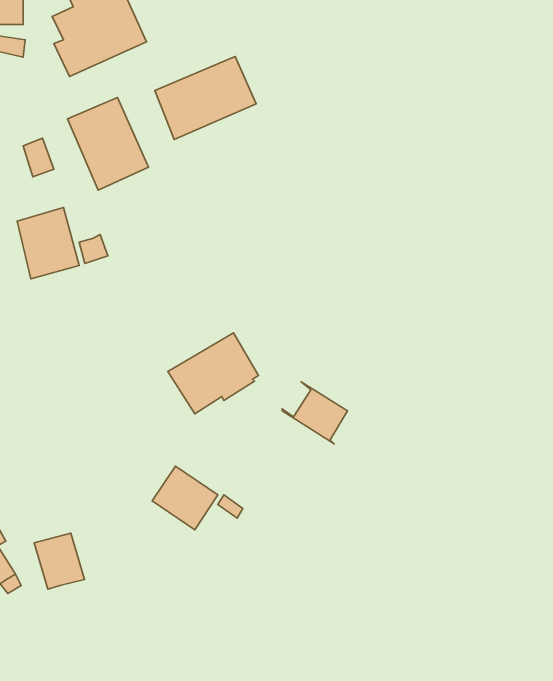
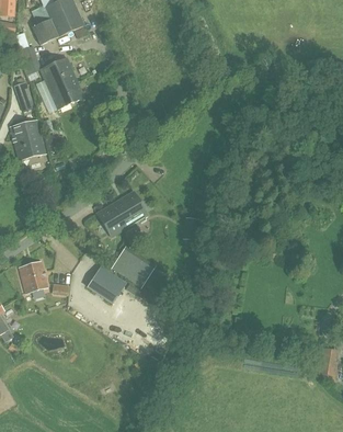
building: [155,56,256,139] -> none
building: [282,382,348,444] -> [112,249,149,284]
building: [34,533,84,589] -> [19,260,47,292]

